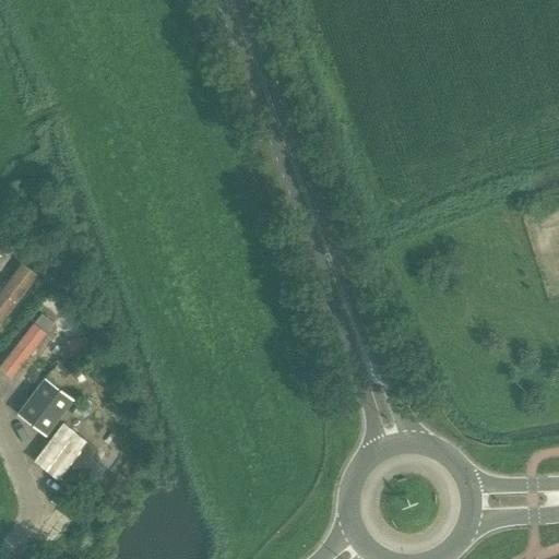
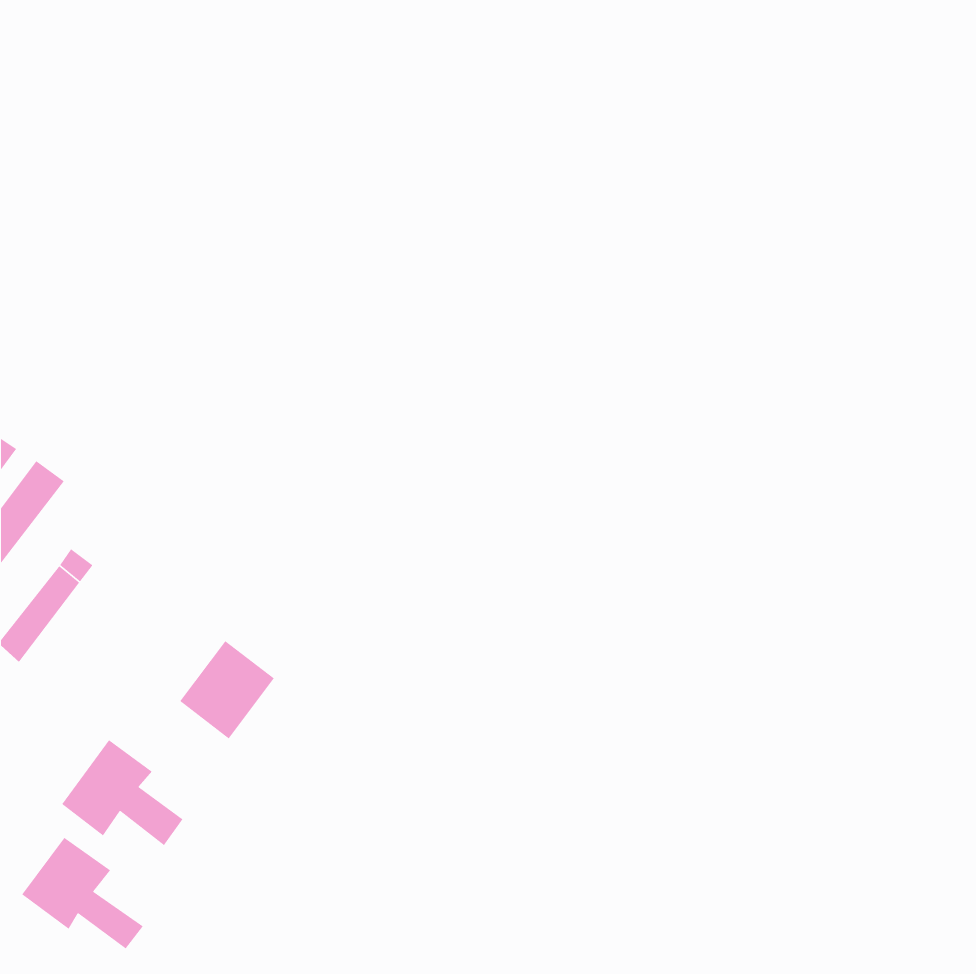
building: [17,380,72,437] -> [179,640,275,739]
building: none -> [21,837,144,950]

